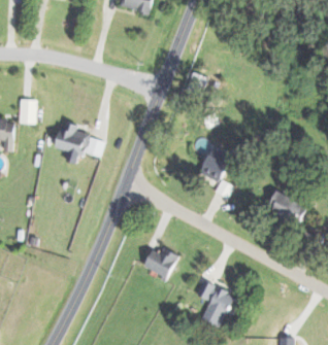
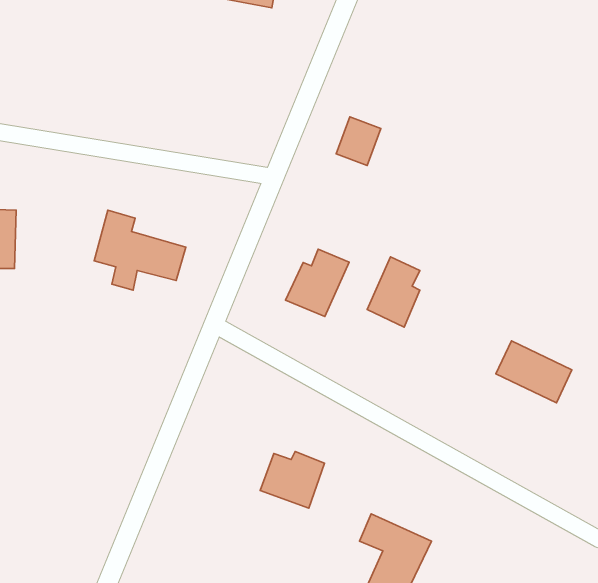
building: [19,99,36,124] -> none
building: none -> [286,249,349,317]

